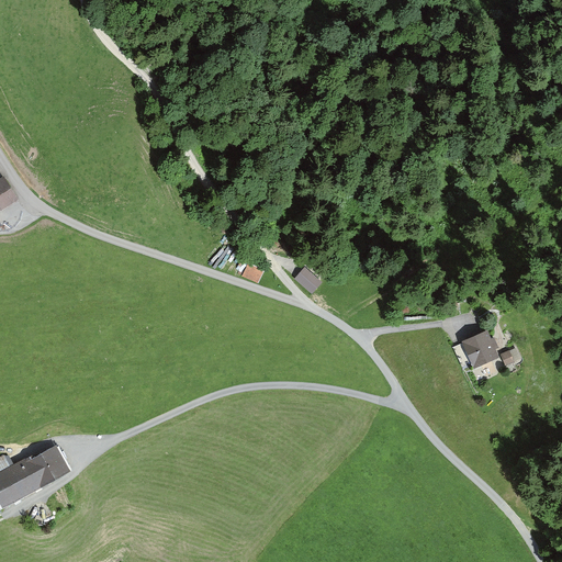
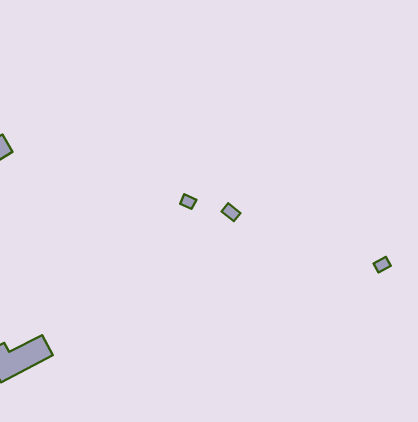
building: [461,333,495,368] -> none

